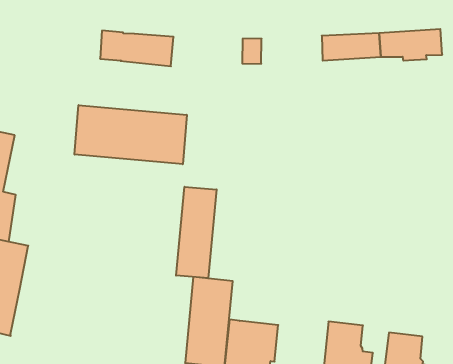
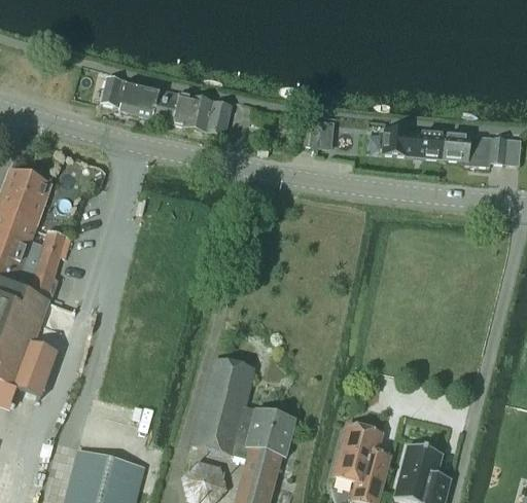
building: none -> [103,76,159,116]
building: [75,105,187,164] -> none
building: none -> [30,229,66,299]
building: [176,187,217,278] -> none
building: none -> [17,342,60,398]

